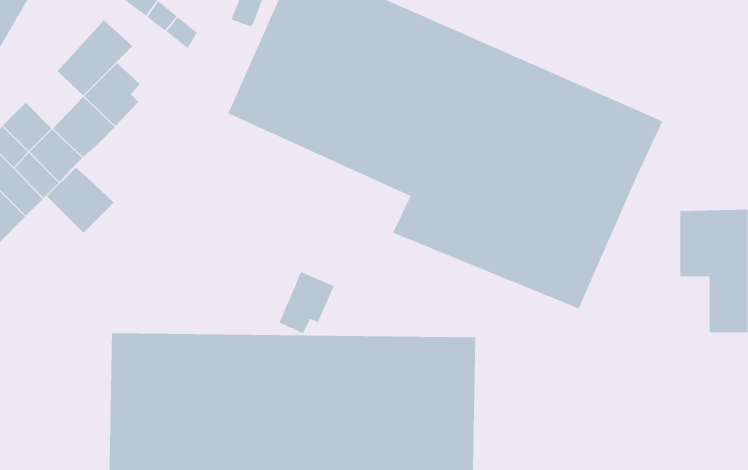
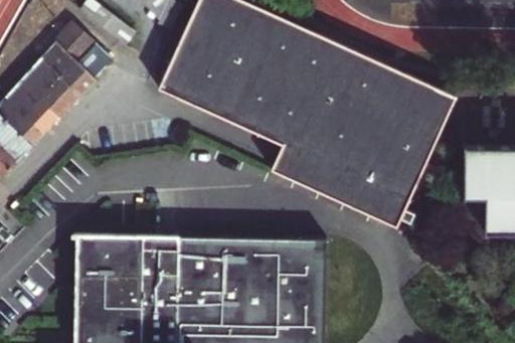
building: none -> [18,59,57,99]
building: [46,167,114,234] -> none
building: [279,271,335,334] -> none

